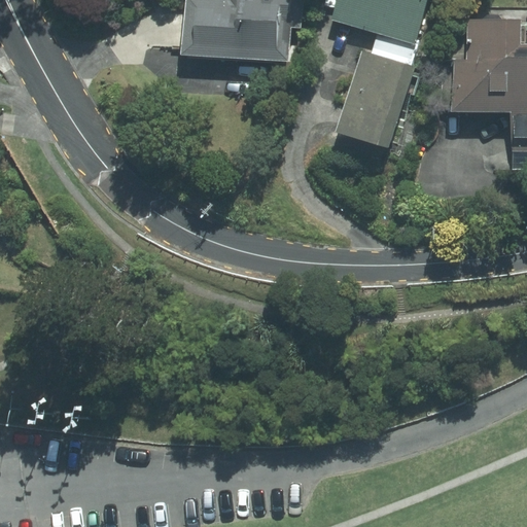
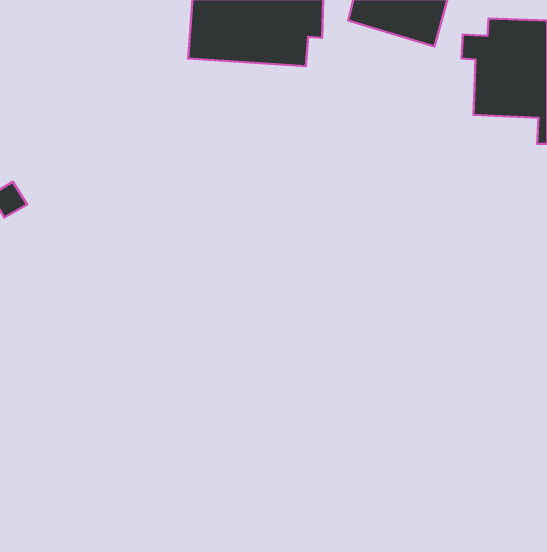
building: [339,47,416,146] -> none

